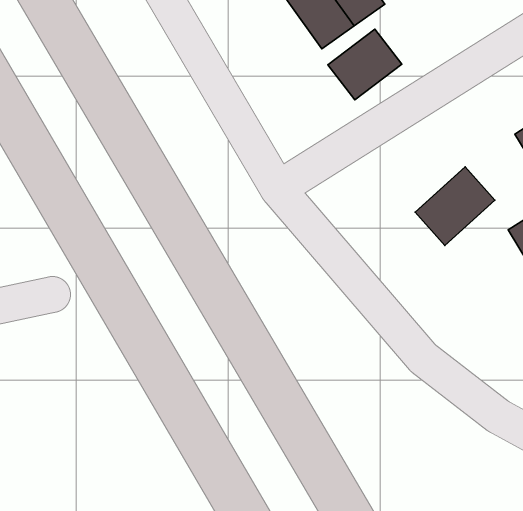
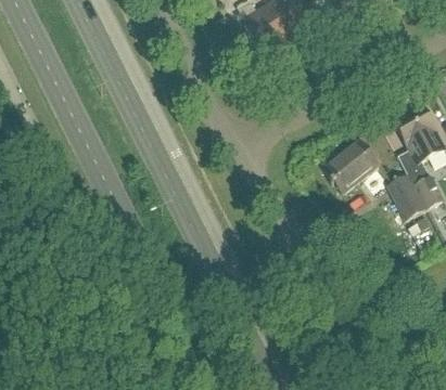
building: [328,29,402,100] -> none

